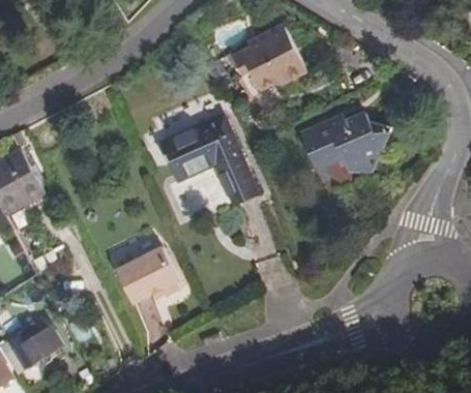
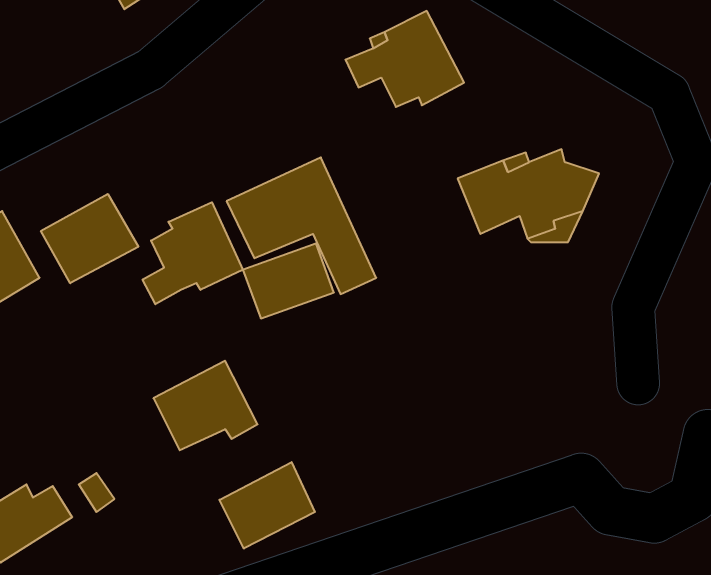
building: none -> [41,194,138,283]
building: none -> [143,202,243,304]
building: none -> [219,462,315,549]

